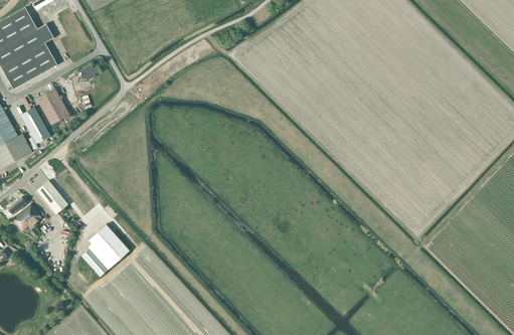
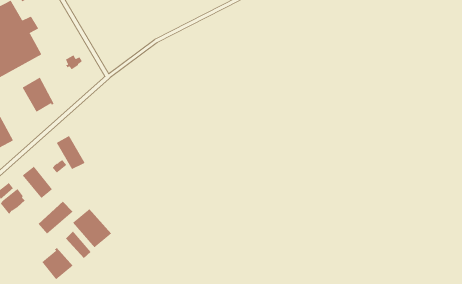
building: [19,107,49,143] -> [56,135,85,170]
building: none -> [38,201,73,235]
building: none -> [41,247,73,280]

